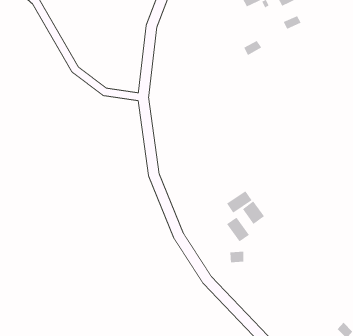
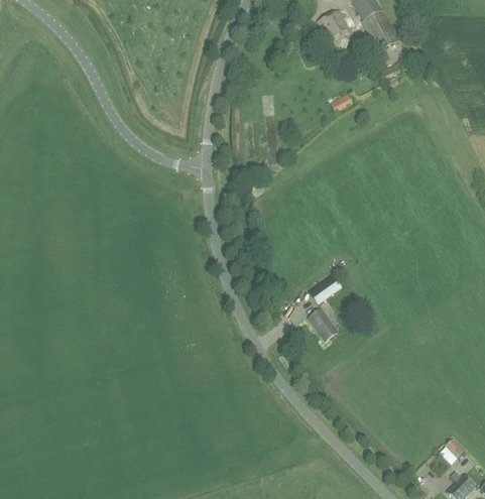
building: [242,201,265,225] -> none

